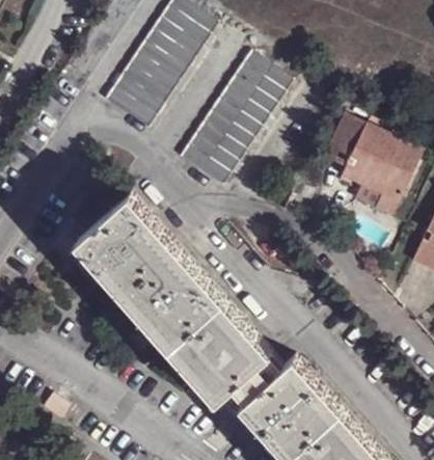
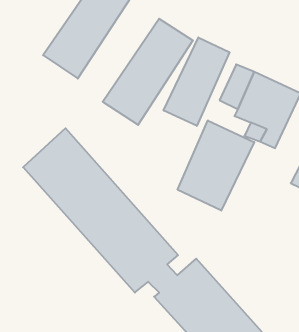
building: none -> [164,37,230,126]
building: none -> [178,120,254,211]

